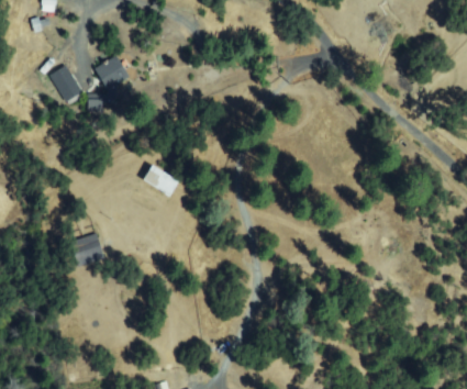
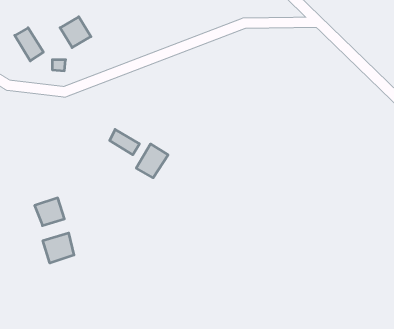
building: none -> [136,144,168,178]
building: none -> [43,233,74,263]

